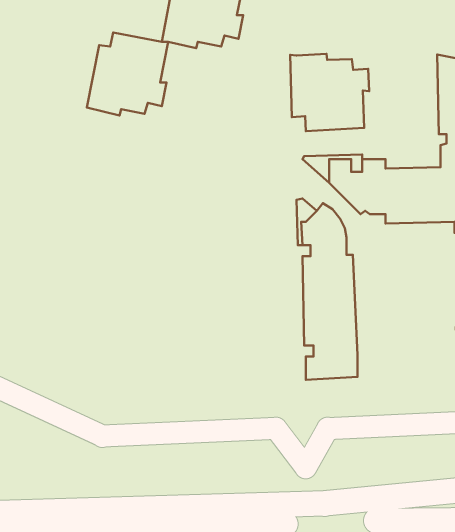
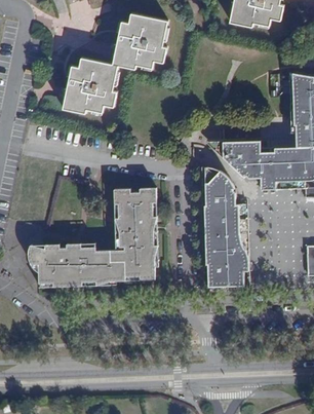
building: [290,54,369,131] -> none
building: none -> [35,184,166,285]

